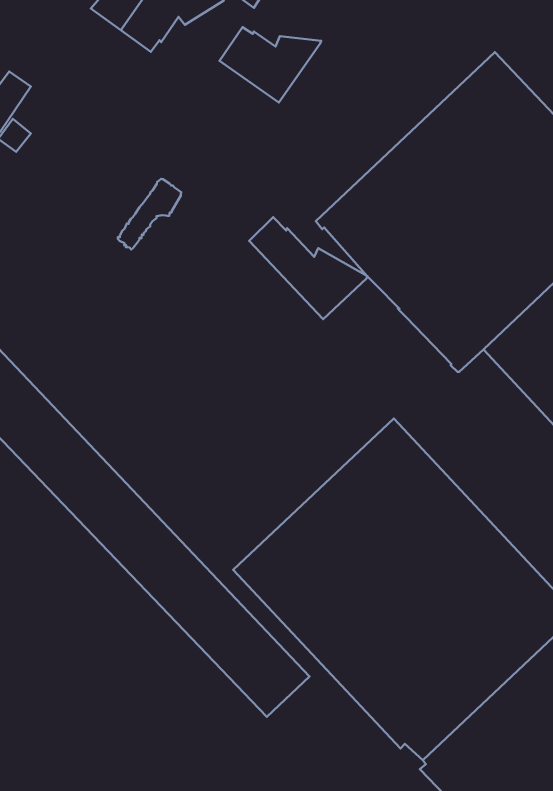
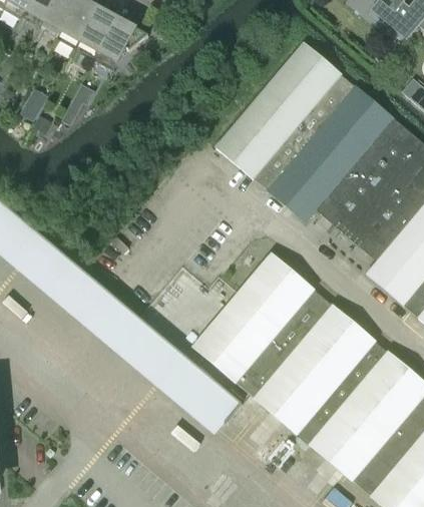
building: [219,27,321,102] -> none
building: [118,179,181,249] -> [62,82,94,123]
building: [249,217,367,319] -> none

